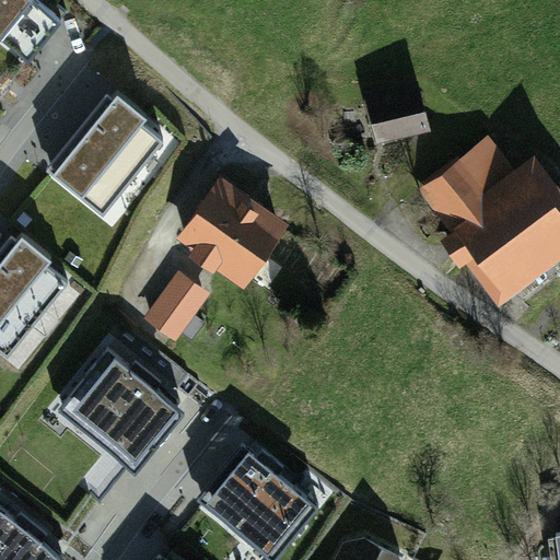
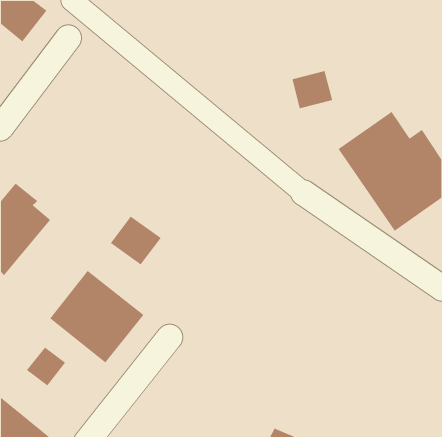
building: [51,92,160,210] -> none
building: [184,195,279,289] -> none
building: none -> [26,346,66,386]
building: [206,452,310,555] -> none

